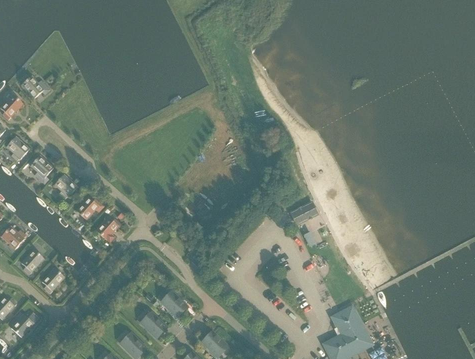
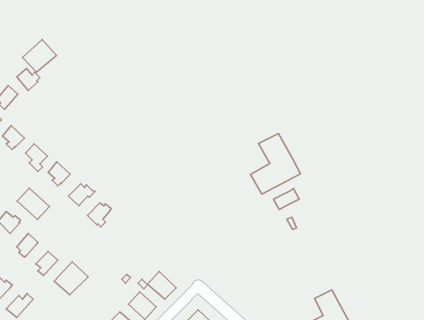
building: none -> [23,40,56,72]
building: none -> [250,133,300,194]
building: none -> [17,188,50,220]
building: none -> [54,262,88,295]

